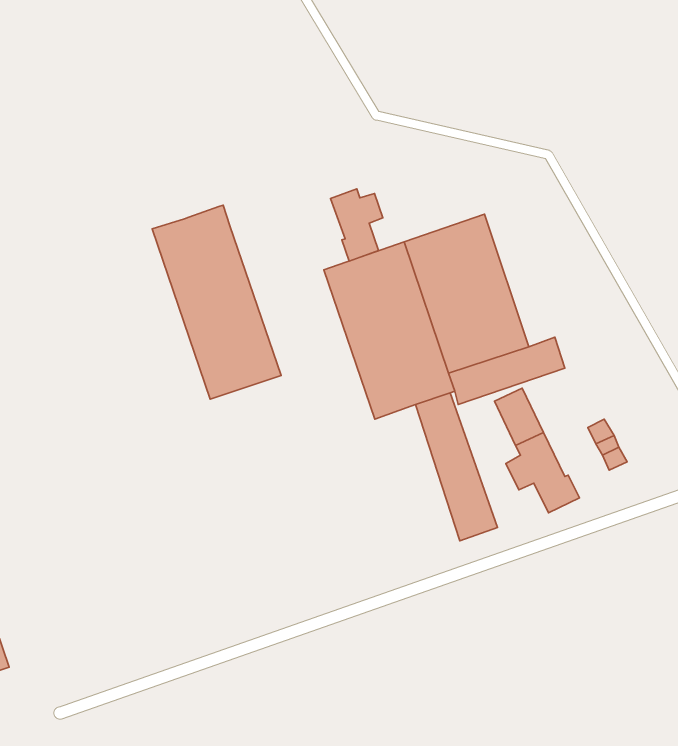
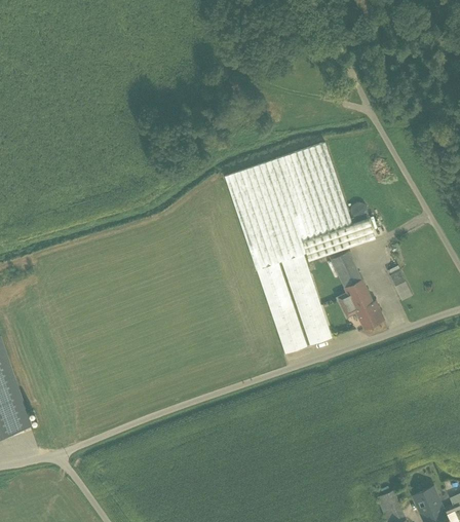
building: [331,189,383,261] -> none
building: [152,205,281,399] -> none
building: none -> [256,261,307,353]

